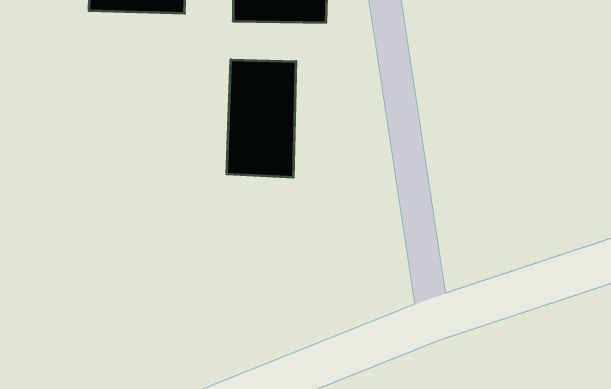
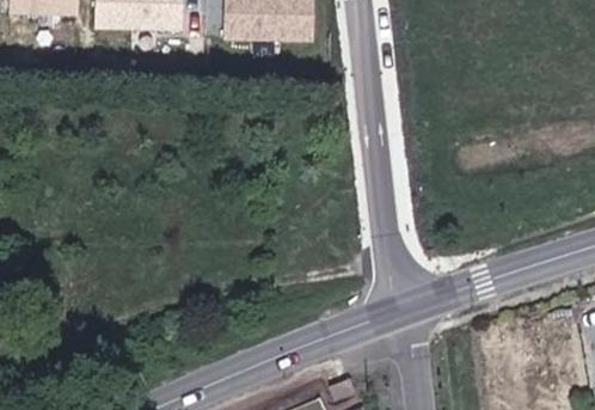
building: [227,60,296,177] -> none

